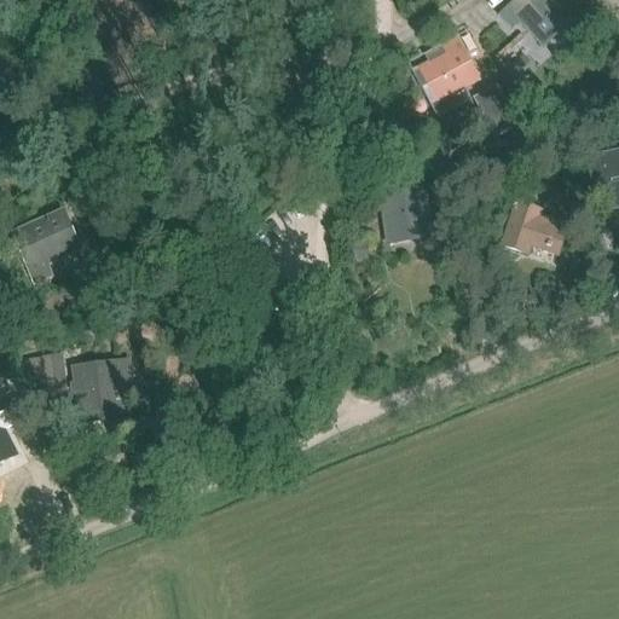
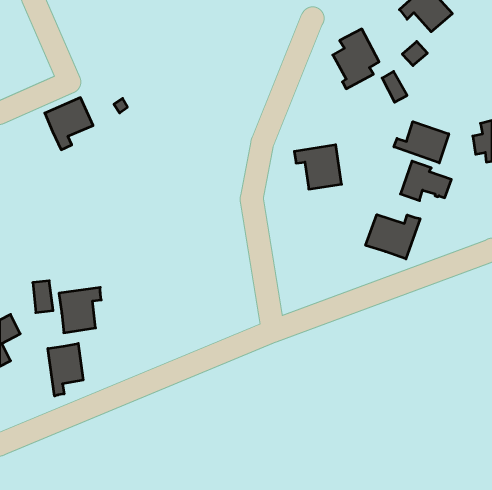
building: none -> [394,122,449,163]
building: [13,213,74,278] -> [45,98,93,150]
building: none -> [366,215,420,259]
building: none -> [48,343,83,396]

